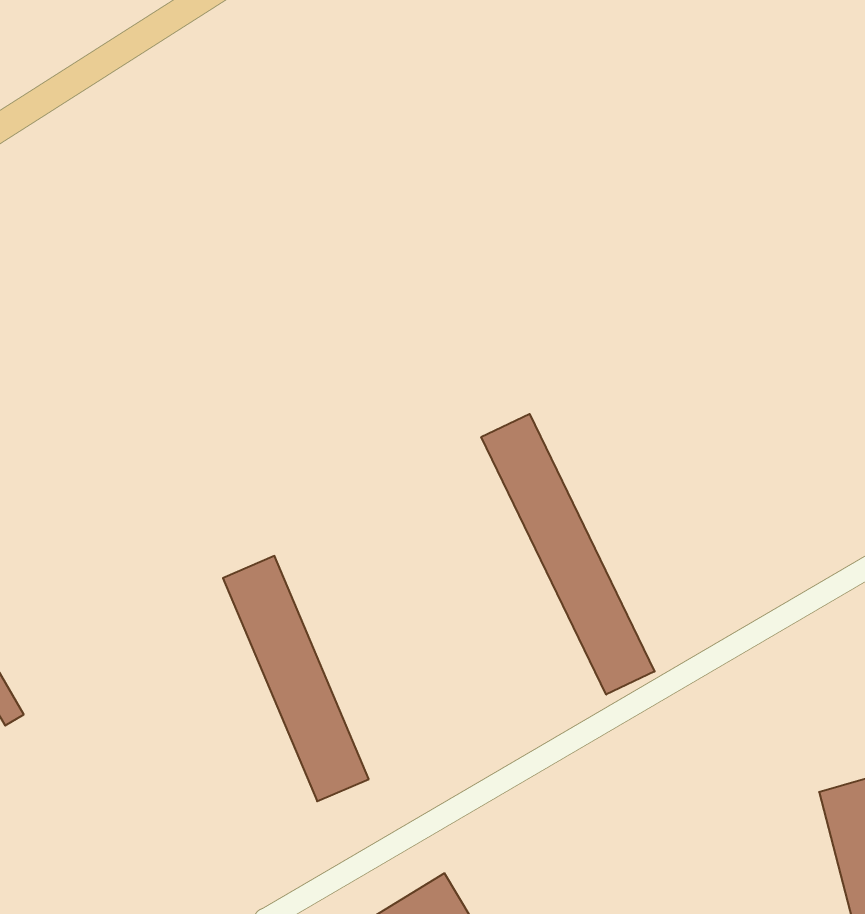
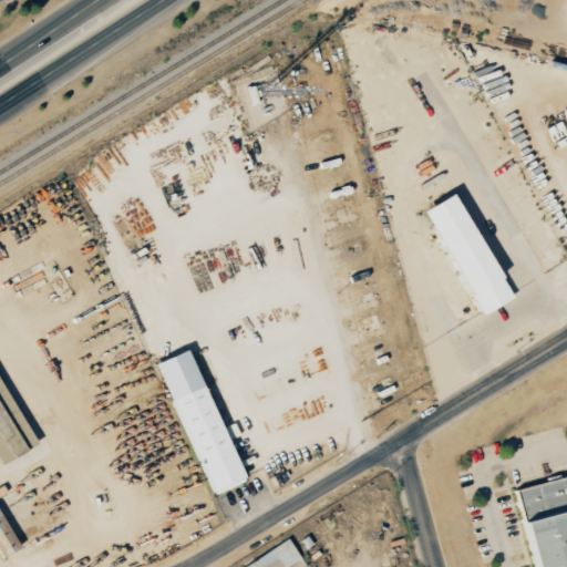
building: none -> [429,193,513,317]
building: [481,414,655,695] -> none

